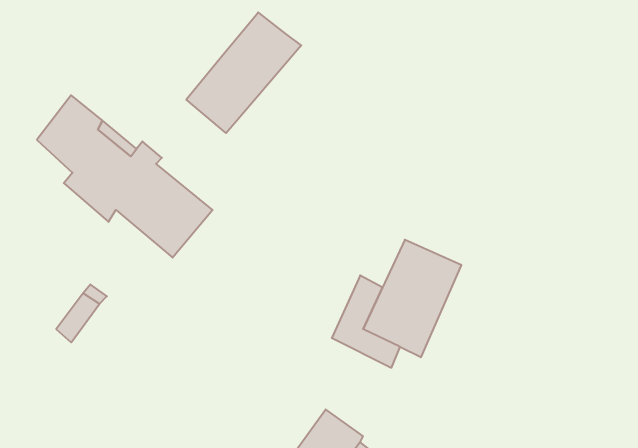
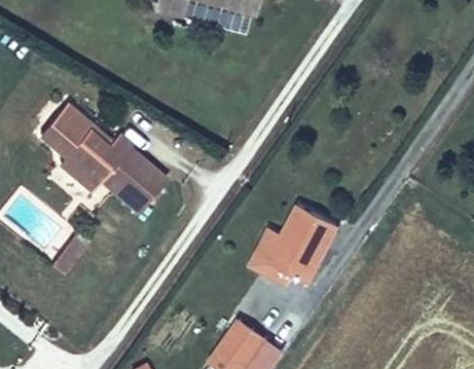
building: [186,12,301,133] -> none

